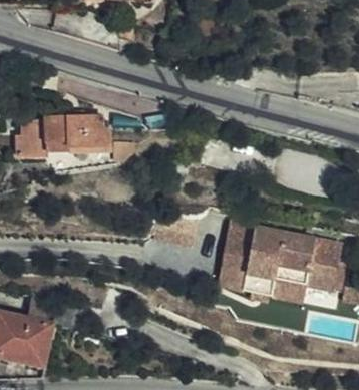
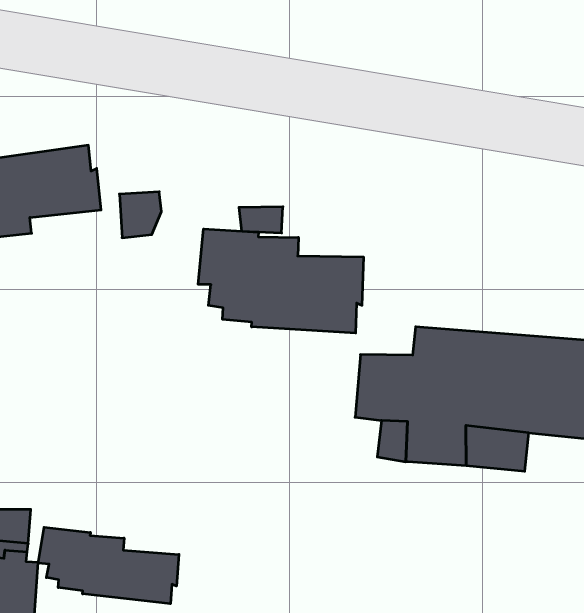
building: none -> [198,229,363,333]
building: none -> [38,527,179,604]

